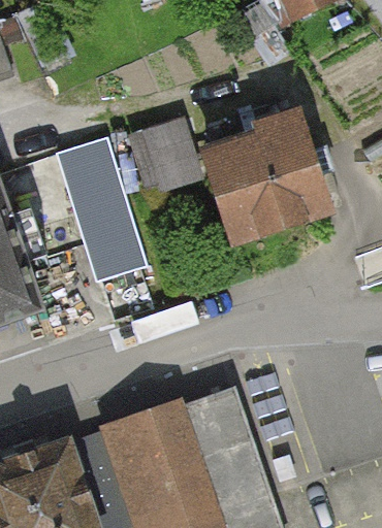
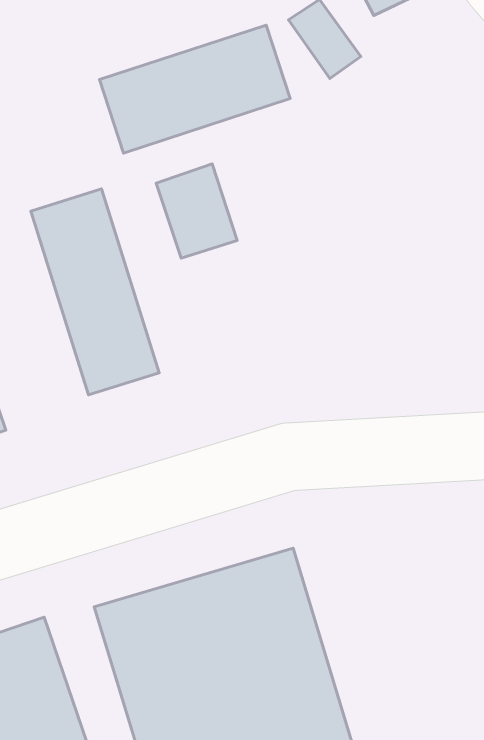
building: none -> [99,25,290,153]
building: [204,112,327,241] -> none

